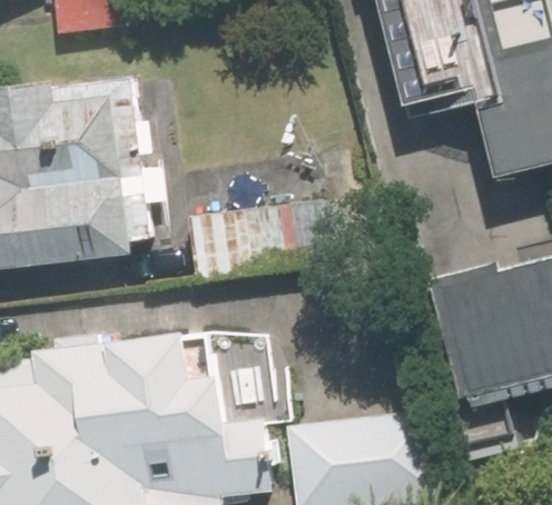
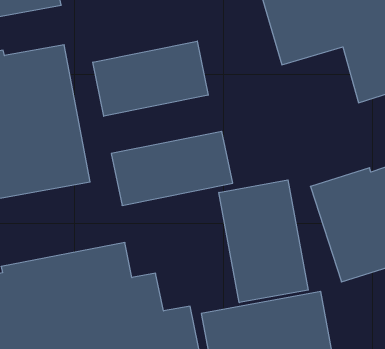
building: none -> [93,41,208,116]
building: none -> [219,180,308,303]

